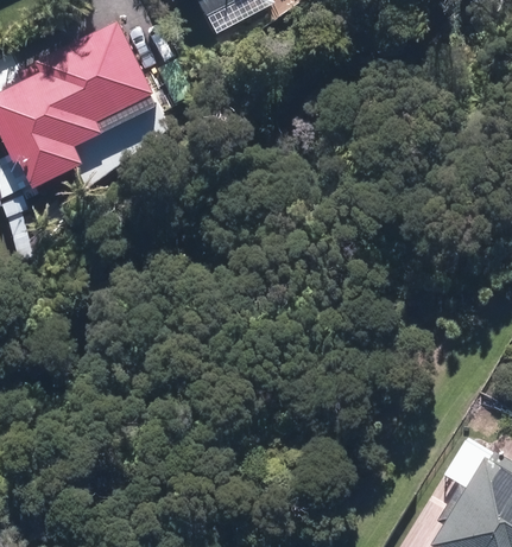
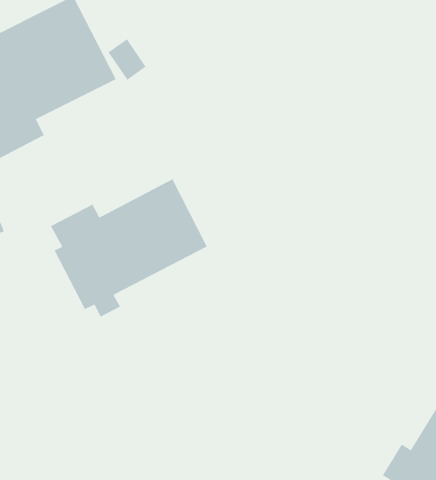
building: none -> [50,178,208,318]

